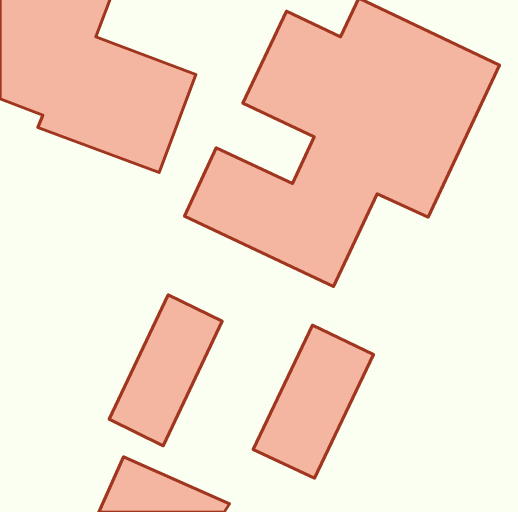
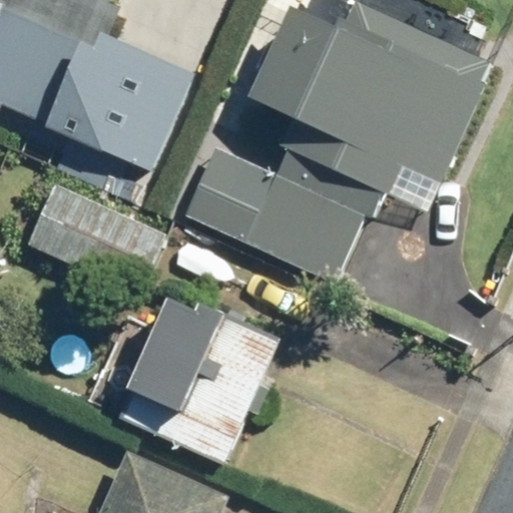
building: none -> [26,183,166,293]
building: [253,325,374,478] -> [163,316,282,466]

